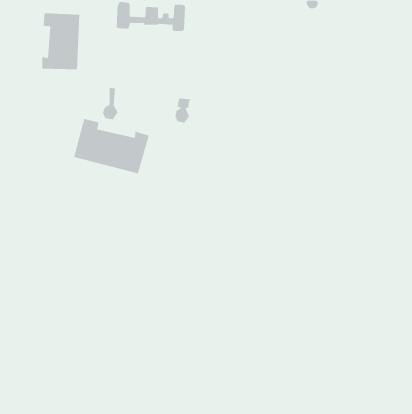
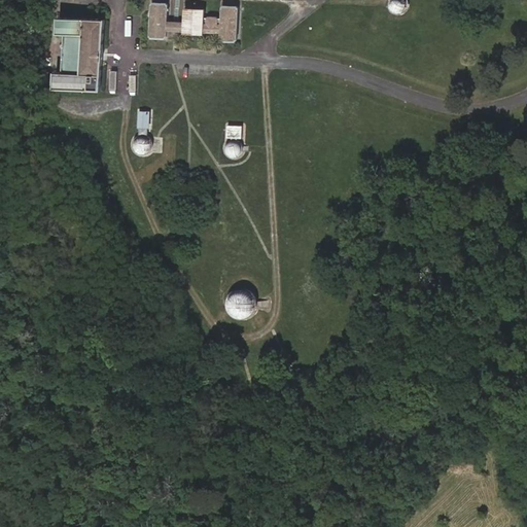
building: [73,118,149,174] -> none
building: none -> [226,289,254,317]

